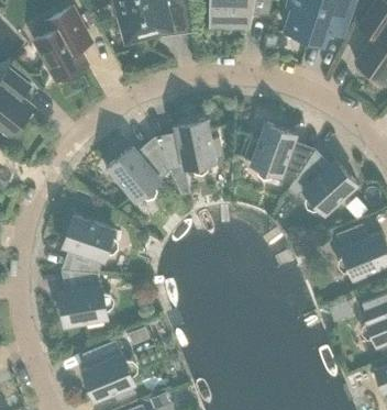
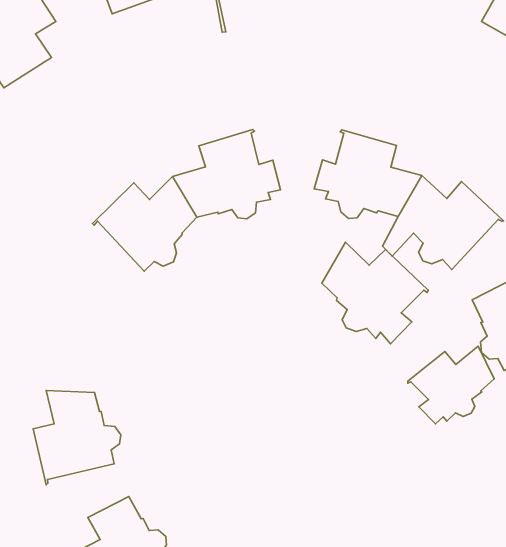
building: none -> [322,242,428,344]
building: [62,213,117,274] -> none
building: none -> [408,346,494,424]

